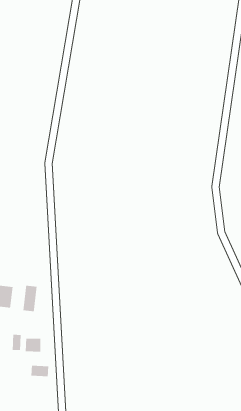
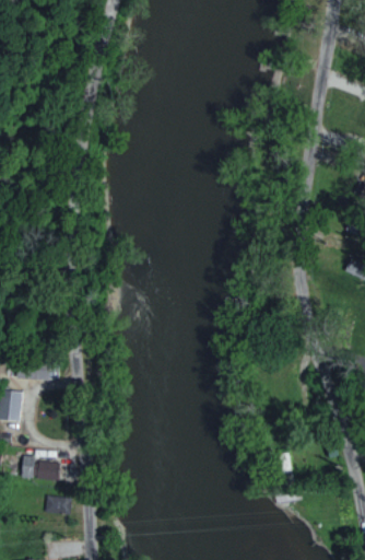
building: [22,285,37,312] -> none

